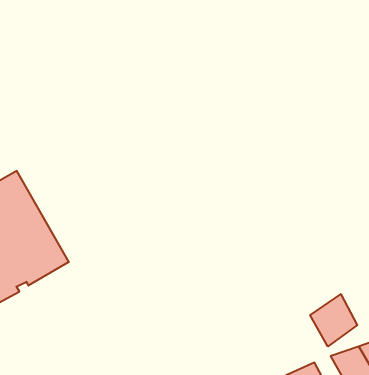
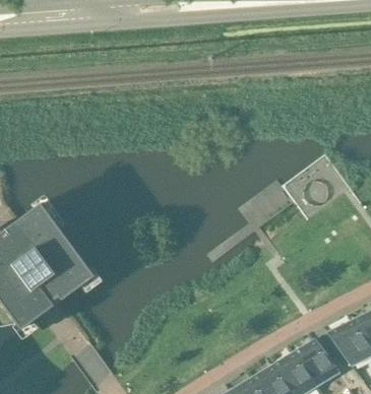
building: [310,294,357,346] -> none

